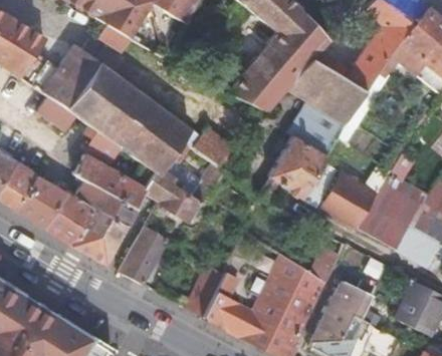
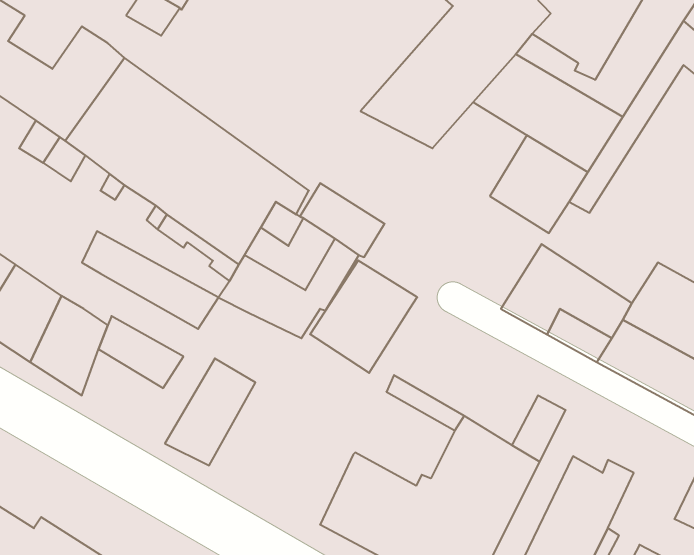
building: [270,137,328,199] -> [310,260,417,373]
building: [75,180,138,225] -> none
building: [74,221,119,264] -> none
building: [182,273,222,316] -> none

